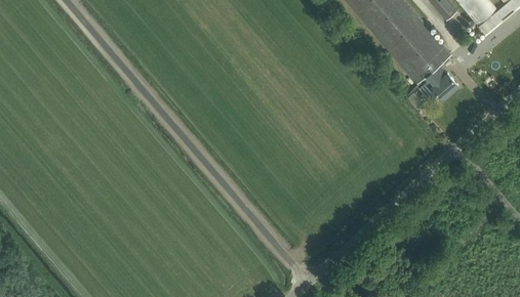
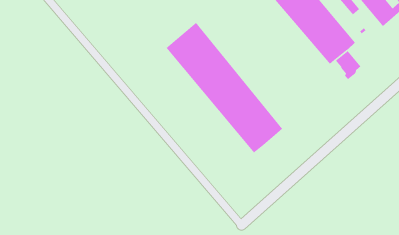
building: none -> [166,22,283,153]

